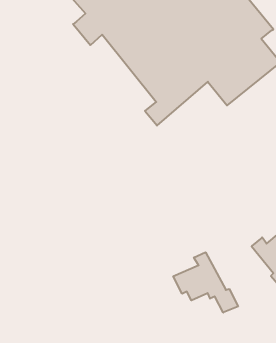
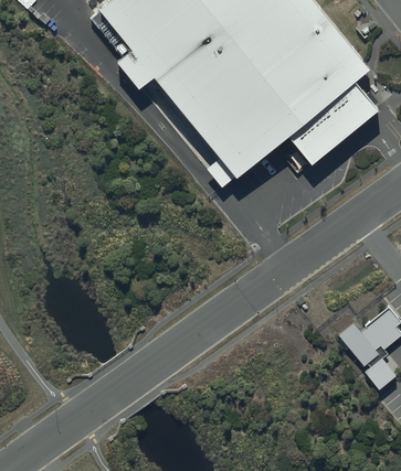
building: [173,252,238,313] -> none

